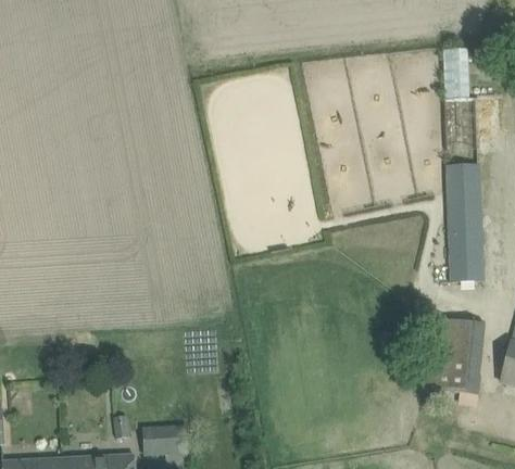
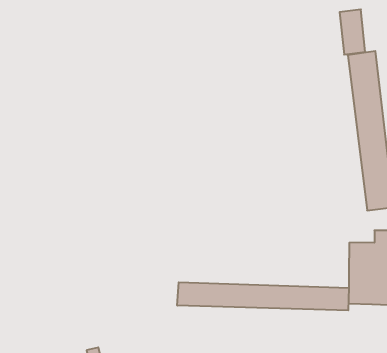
building: none -> [177,282,349,310]

